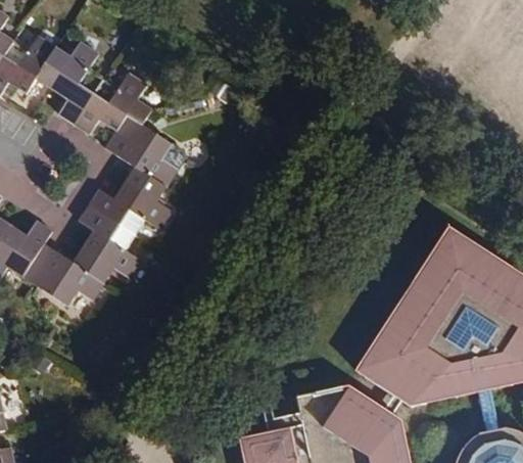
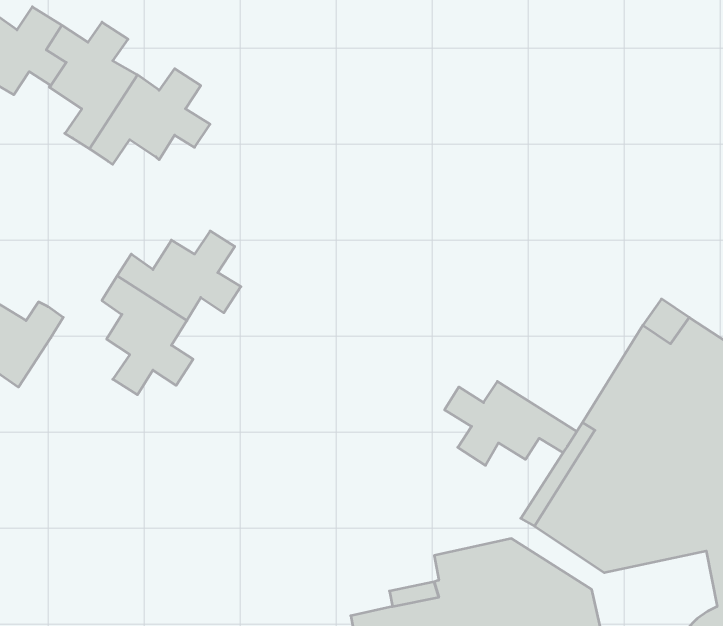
building: [105,117,178,195] -> none
building: [23,249,105,312] -> none
building: none -> [445,381,577,465]

